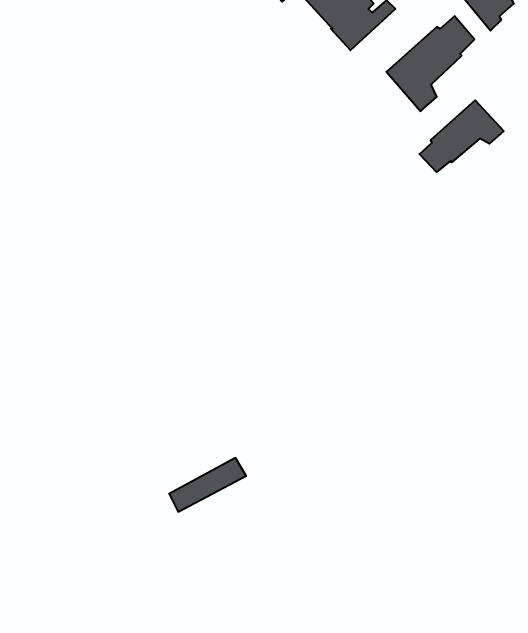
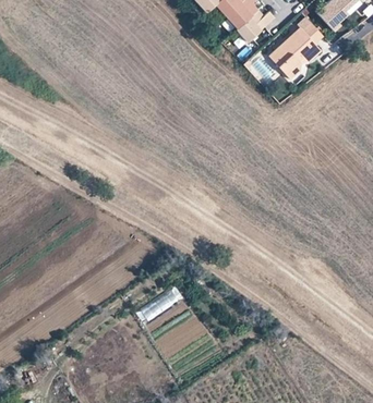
building: [419,100,504,172] -> none

